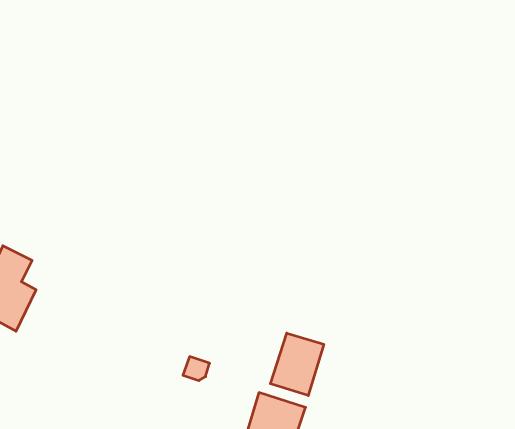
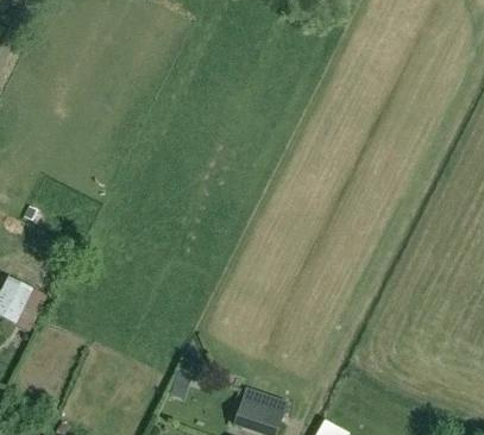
building: [270,333,324,396] -> none

